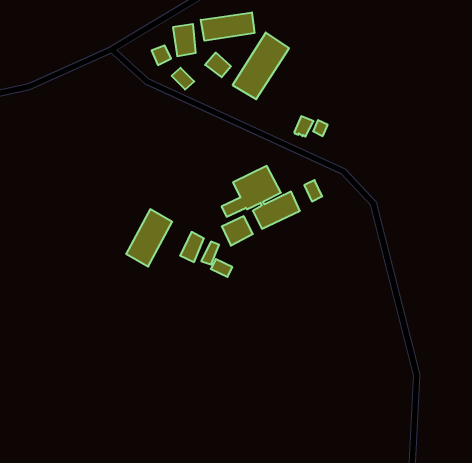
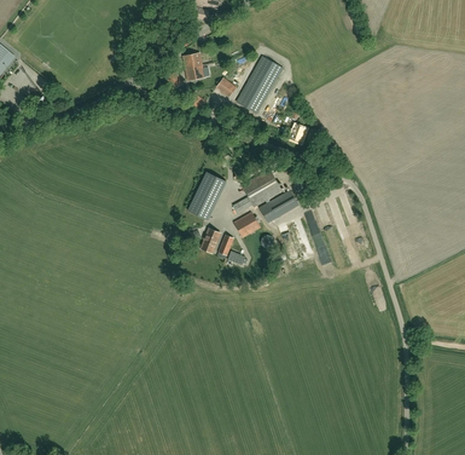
building: [201,12,254,41] -> none
building: [126,209,172,267] -> [187,171,225,219]

